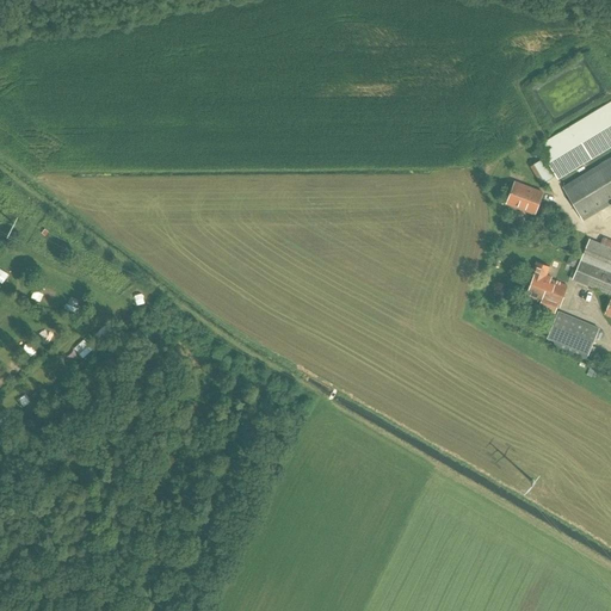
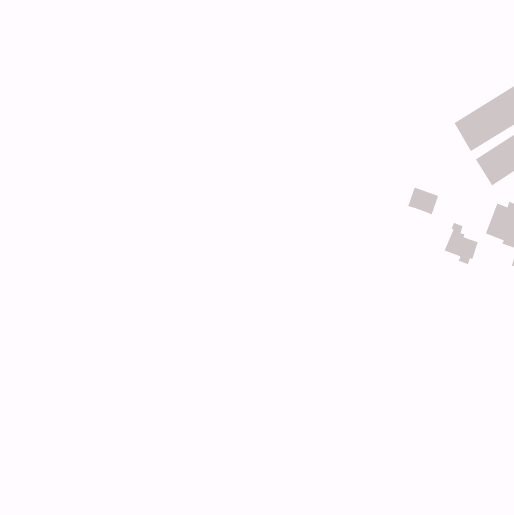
building: [507,181,545,216] -> [407,186,439,216]
building: [553,314,600,354] -> none

